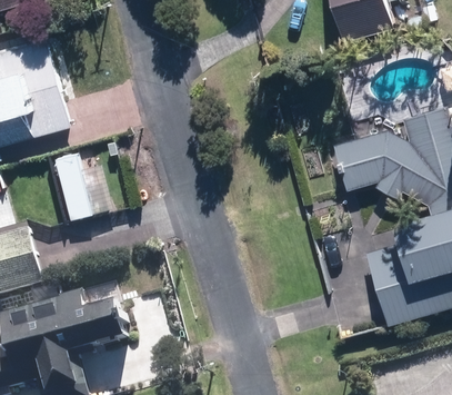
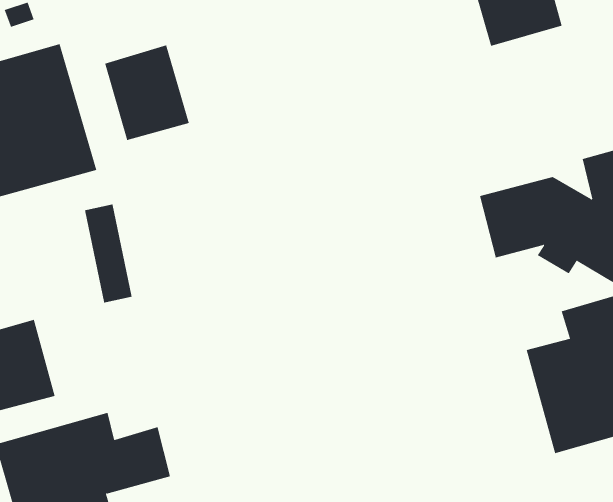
building: none -> [105,44,189,141]

